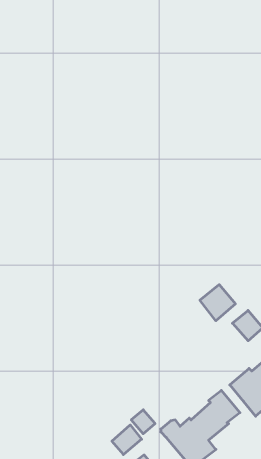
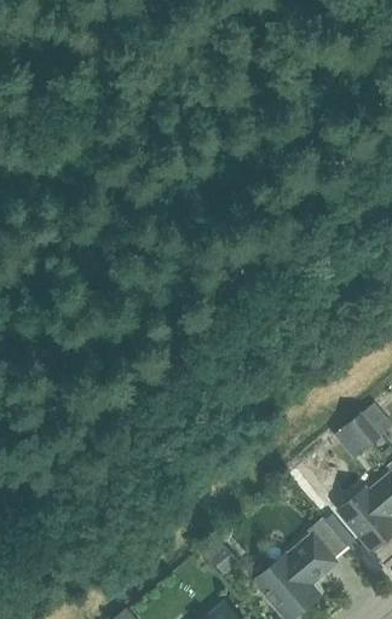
building: [200,285,235,321] -> none
building: [112,425,142,455] -> none

